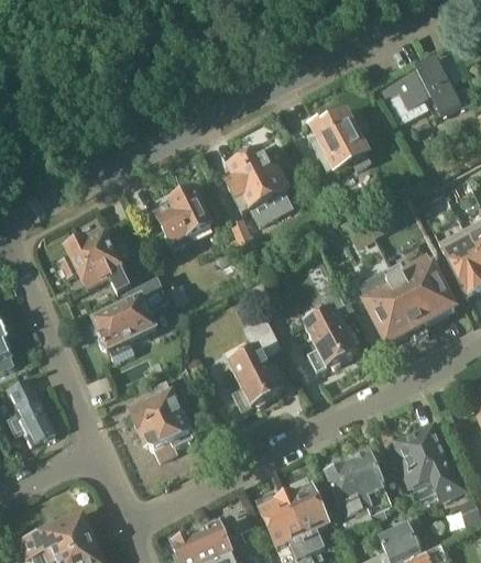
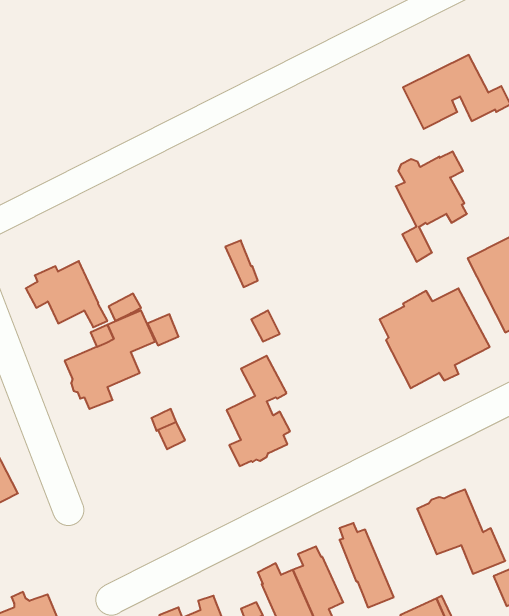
building: [309,109,370,202] -> [396,151,467,262]
building: [227,145,287,224] -> none
building: [155,190,210,247] -> none
building: [304,289,358,372] -> none
building: [131,385,192,460] -> none
building: [349,448,392,520] -> none

